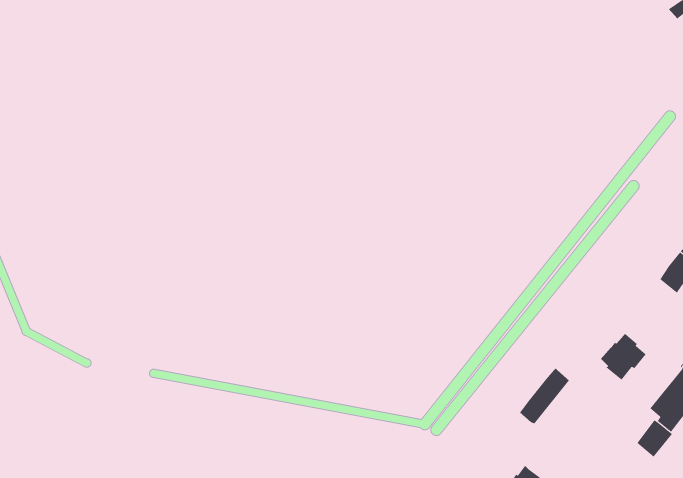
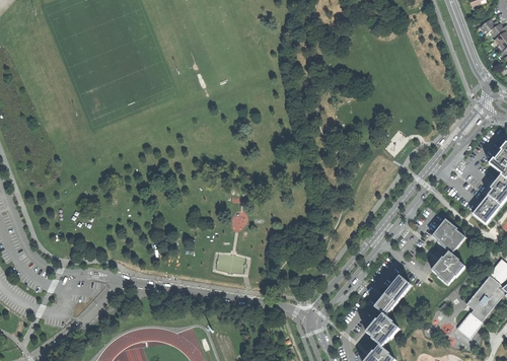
building: none -> [432,219,465,251]
building: none -> [367,313,400,346]

